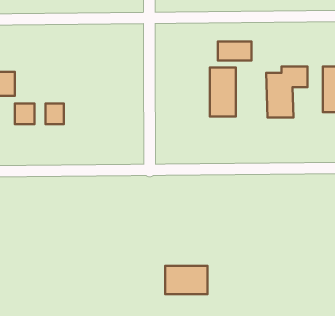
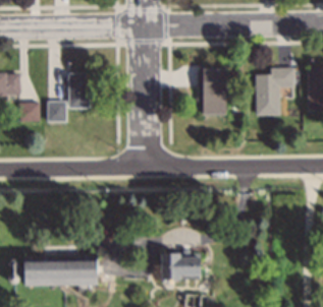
building: [218,42,252,61] -> none
building: none -> [67,73,90,109]
building: none -> [22,255,96,286]

